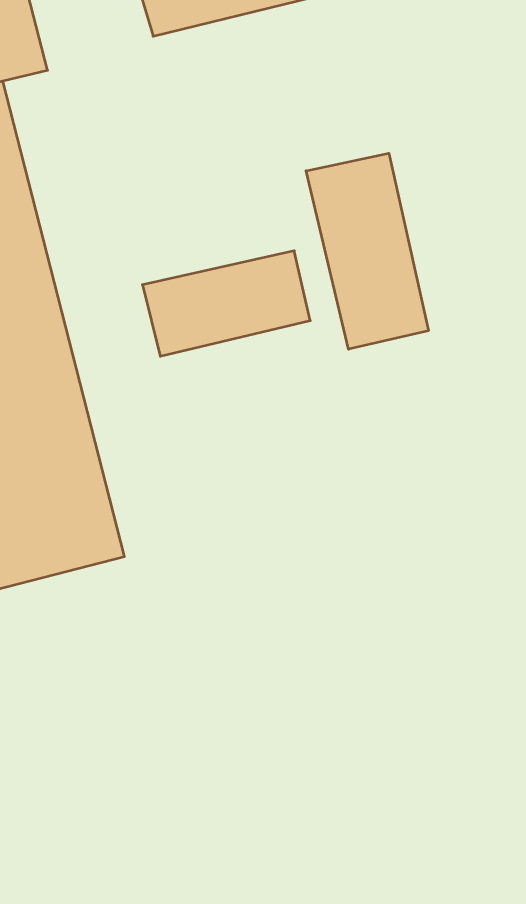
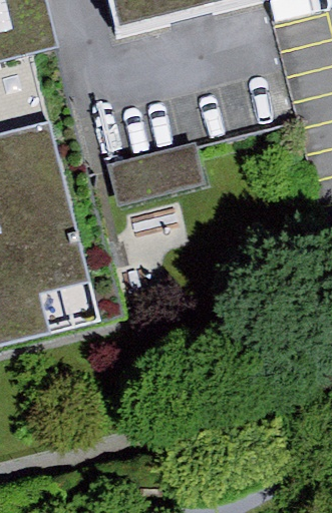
building: [306,153,428,349] -> none

